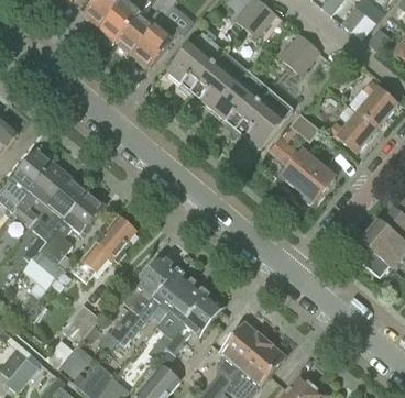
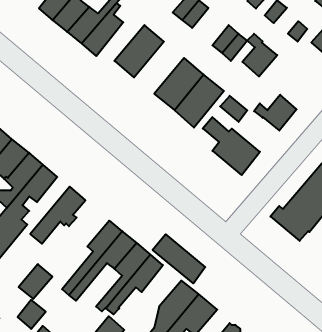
building: [190,52,248,111] -> none
building: [357,80,396,129] -> [242,34,277,76]
building: none -> [153,234,205,283]

